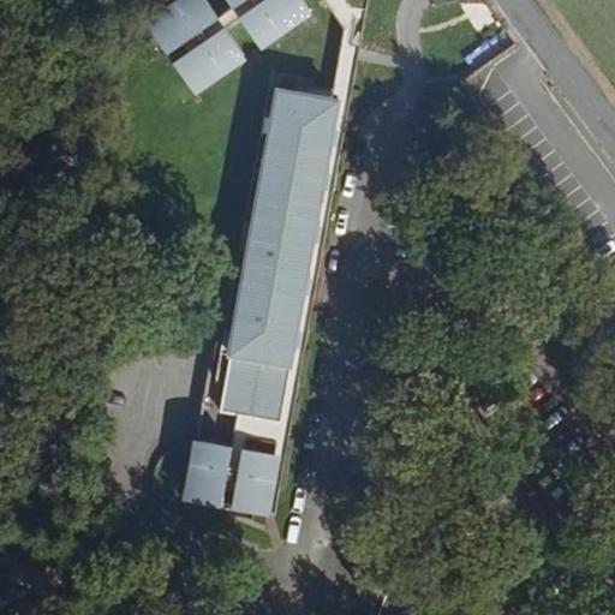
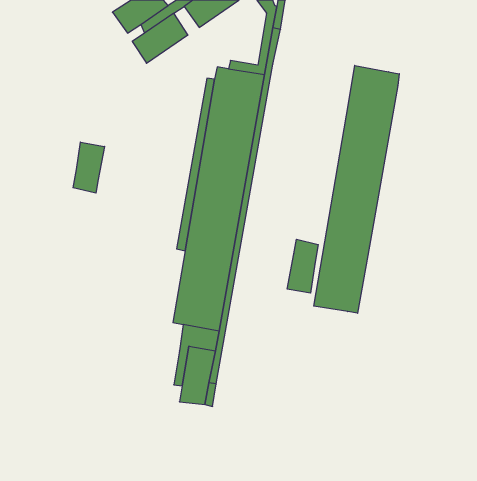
building: none -> [314,65,399,313]
building: none -> [73,142,105,193]
building: none -> [287,239,318,293]
building: [185,443,228,509] -> none

